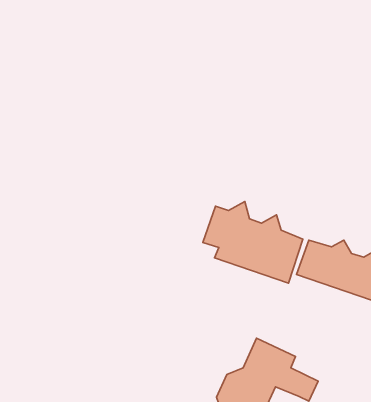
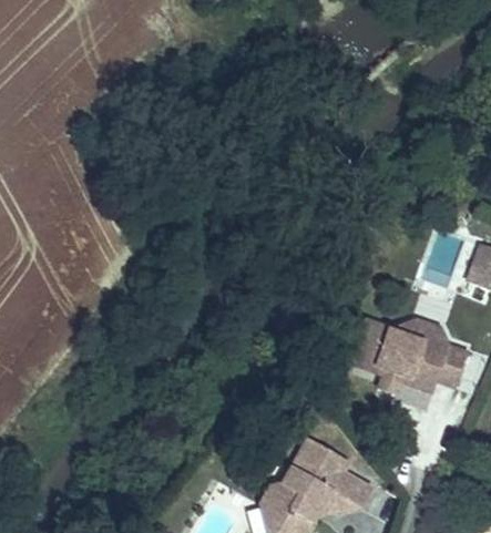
building: [203,202,303,283] -> none

